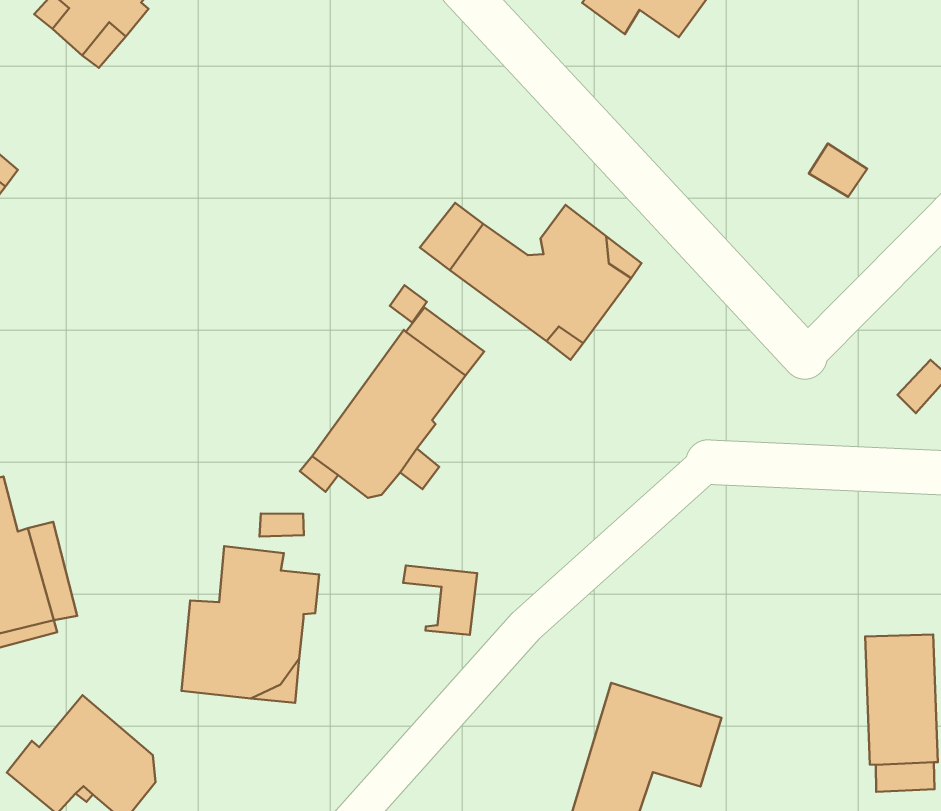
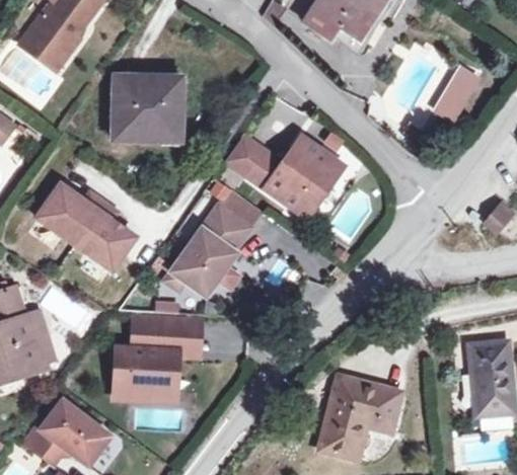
building: none -> [112,77,183,145]
building: none -> [438,62,477,103]
building: none -> [42,186,140,270]
building: [403,566,477,635] -> [163,322,202,357]

